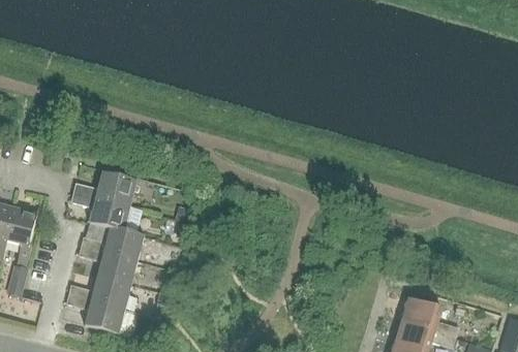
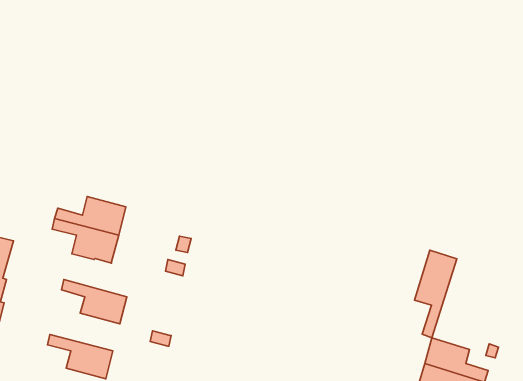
building: none -> [414,250,457,338]
building: [81,229,144,263] -> none
building: [68,278,130,311] -> none

